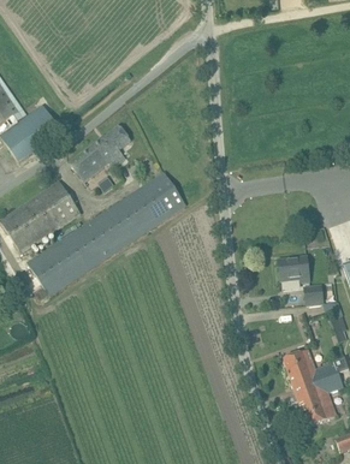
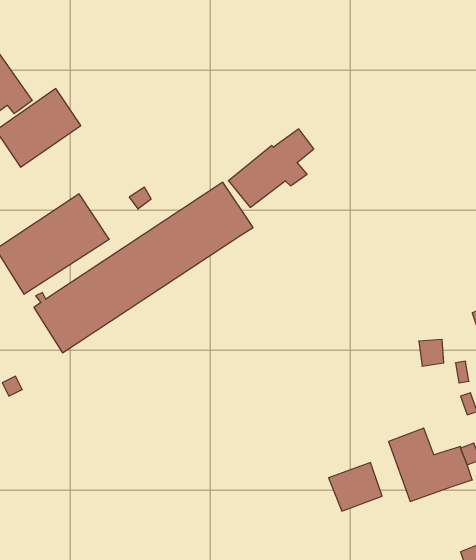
building: [67,126,129,183] -> [228,129,314,207]
building: [277,257,308,282] -> none
building: [297,392,336,427] -> [329,463,382,511]

